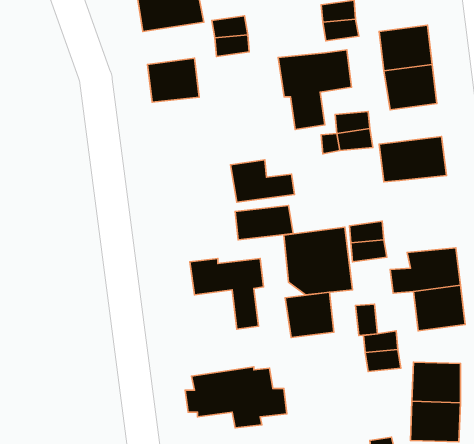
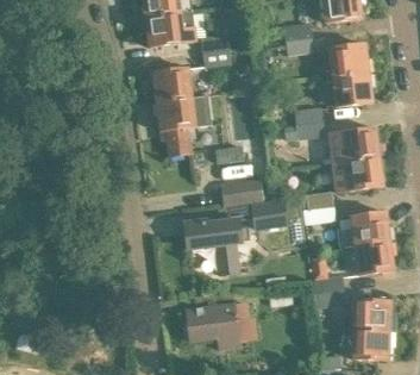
building: [278,50,352,130] -> [156,94,212,155]
building: none -> [344,156,383,189]
building: [285,292,334,337] -> none

